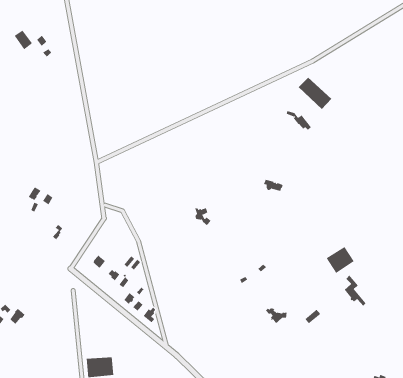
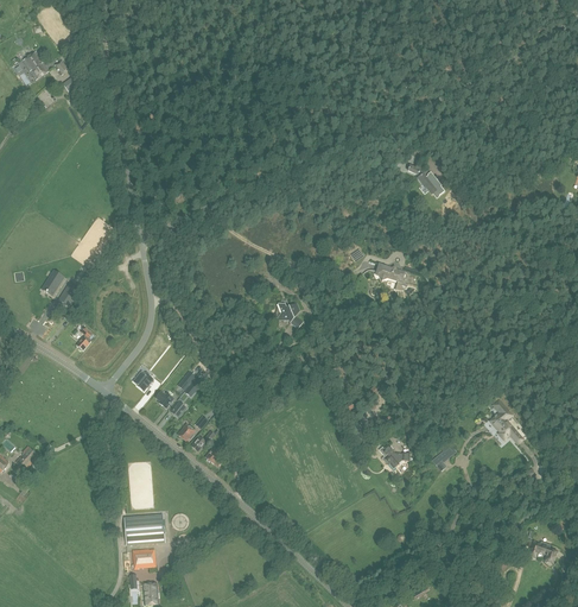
building: [298,77,332,110] -> none
building: [326,246,354,274] -> none

